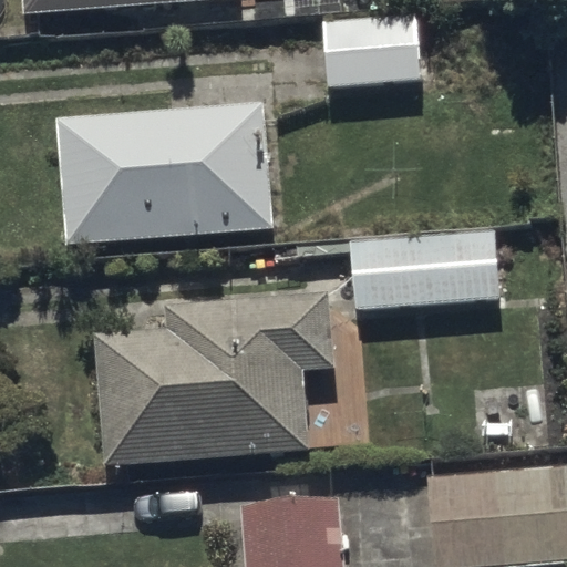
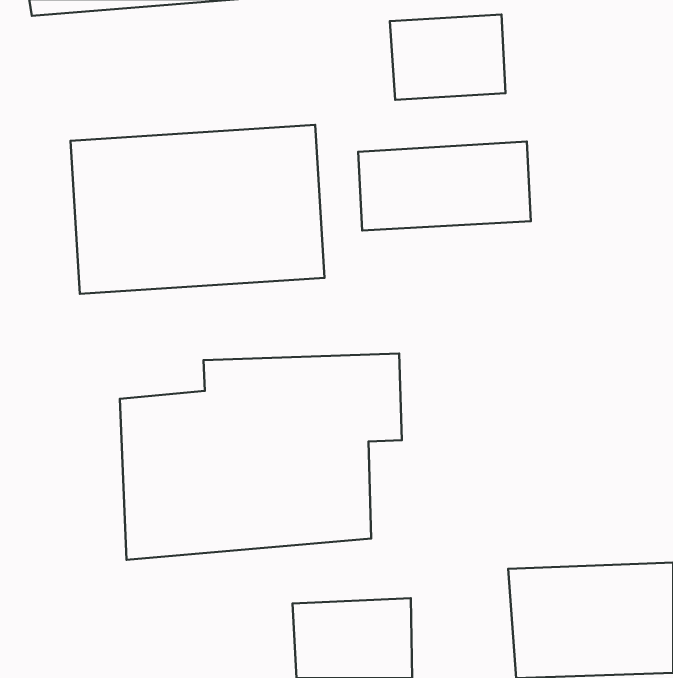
building: [350,233,494,307] -> [358,141,531,230]

